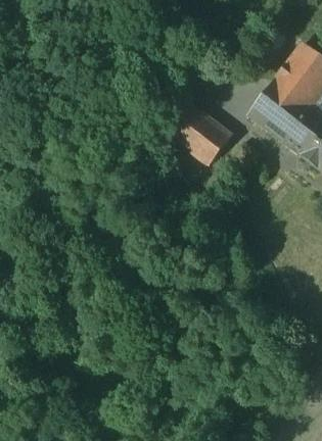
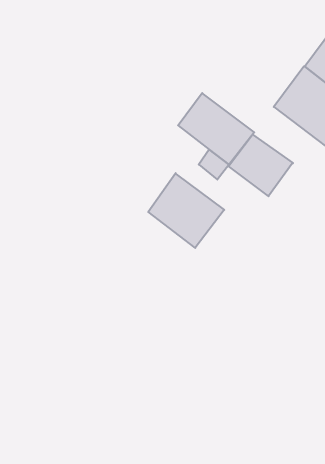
building: none -> [229,134,293,196]
building: none -> [148,173,224,248]

